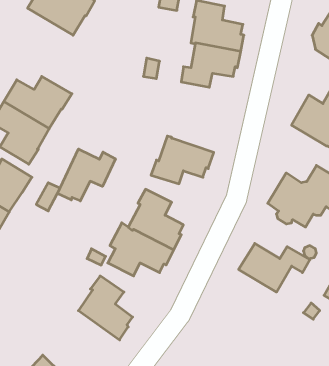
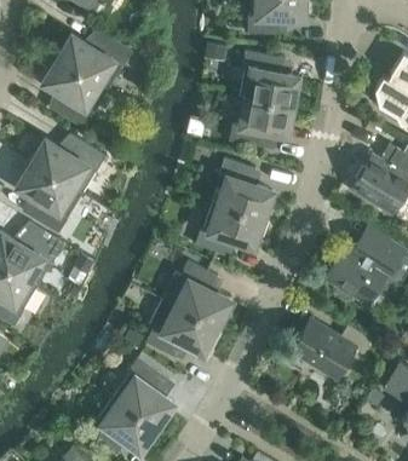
building: none -> [42,58,108,128]
building: none -> [218,157,272,219]
building: [58,149,115,201] -> none
building: none -> [85,396,160,451]

